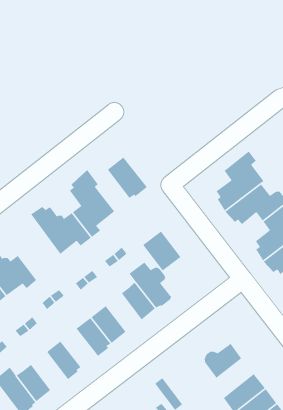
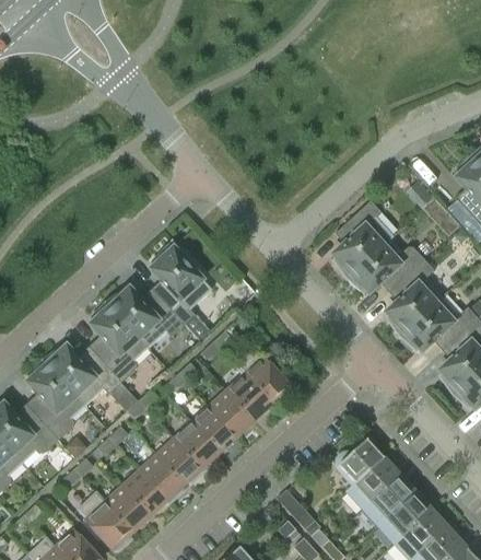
building: [107,156,148,199] -> none
building: none -> [90,301,146,382]
building: [142,231,181,271] -> none
building: none -> [208,389,254,436]
building: none -> [155,438,203,485]
building: none -> [121,469,168,516]
building: none -> [345,457,398,509]

